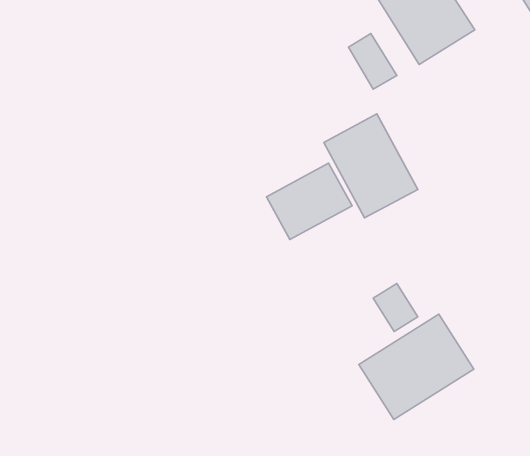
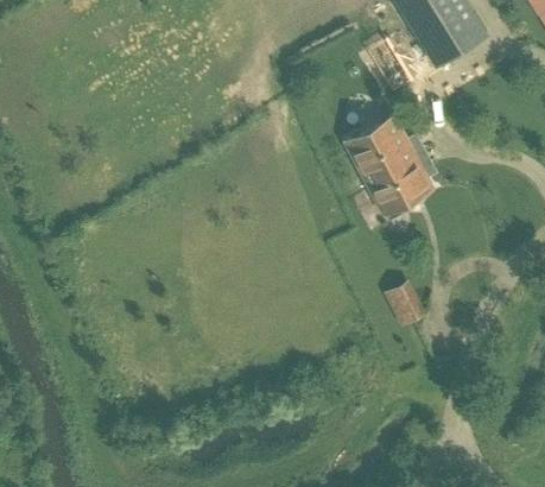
building: [266,163,352,239] -> none
building: [359,314,474,420] -> none

